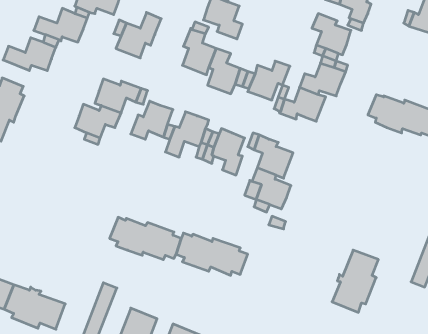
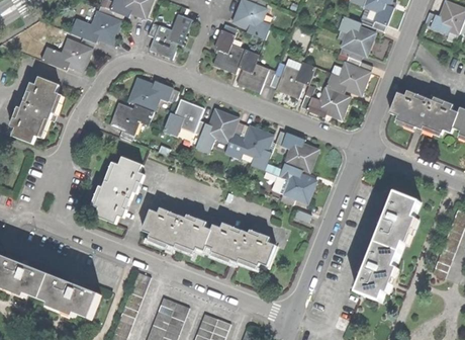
building: none -> [94,157,142,224]
building: none -> [375,191,419,251]

